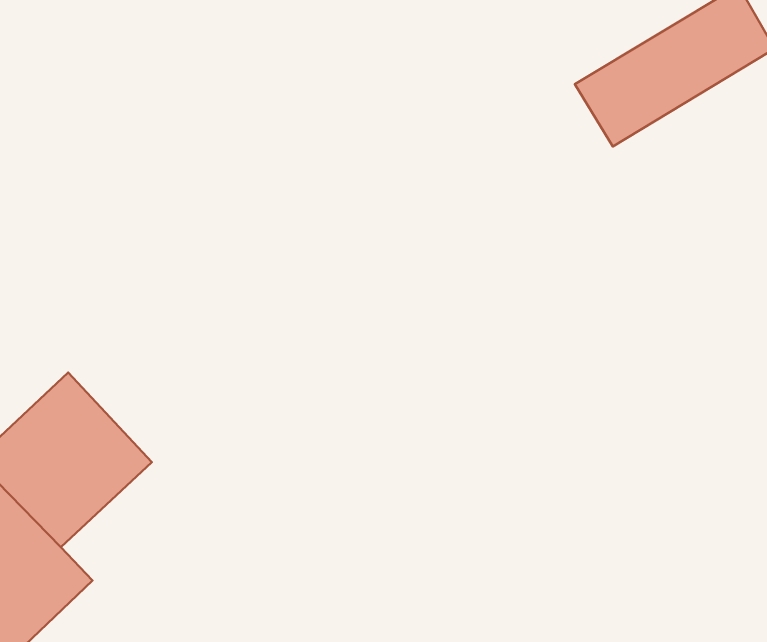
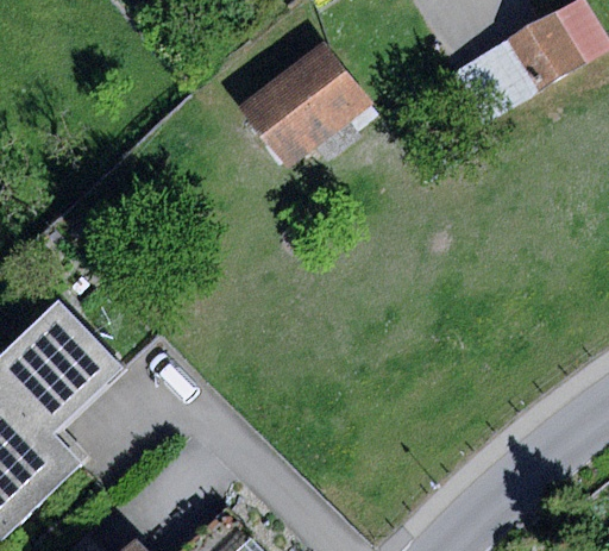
building: none -> [249,43,377,168]

